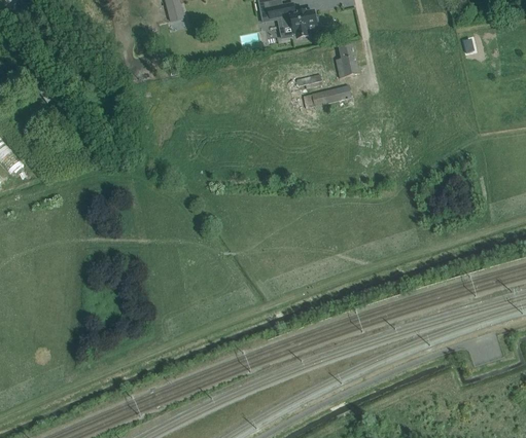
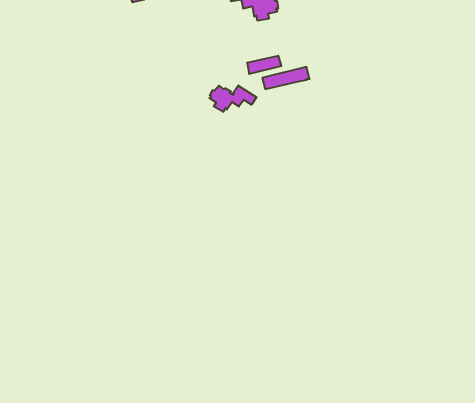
building: [335,44,358,77] -> none
building: none -> [209,85,257,112]

